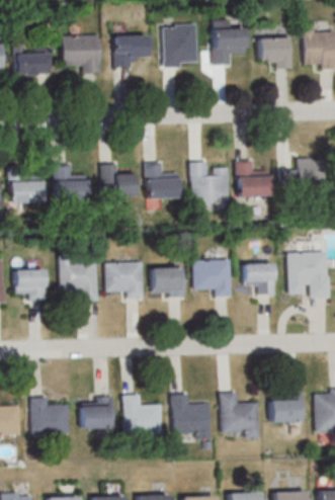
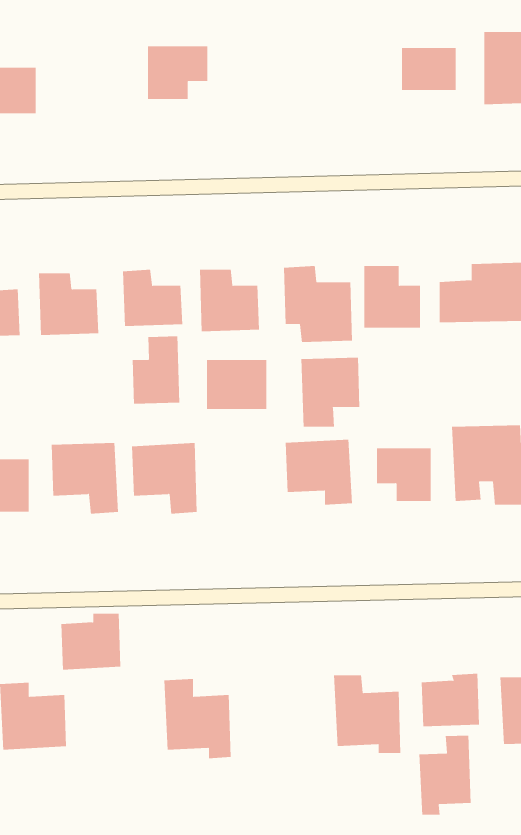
building: [213,19,247,65] -> none
building: [164,24,199,68] -> none
building: [63,35,101,73] -> none
building: none -> [132,336,180,405]
building: none -> [301,357,360,427]
building: [152,268,186,297] -> [206,359,267,410]
building: [172,394,211,439] -> none
building: [80,397,114,429] -> [60,613,121,670]
building: none -> [419,735,471,815]

